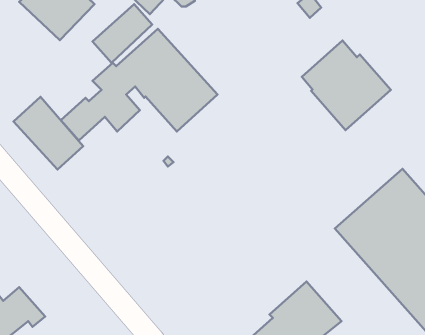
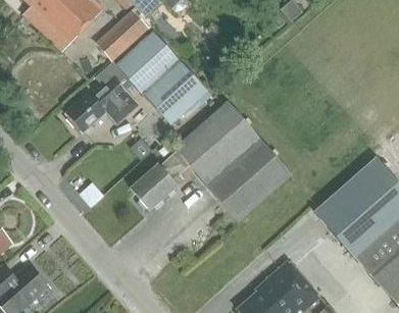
building: [302,40,391,130] -> none
building: [14,97,83,170] -> none
building: none -> [131,102,291,221]

